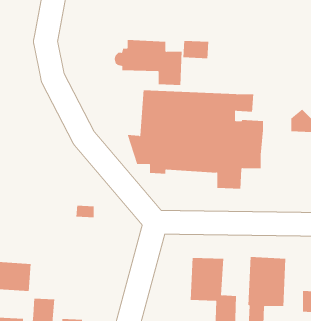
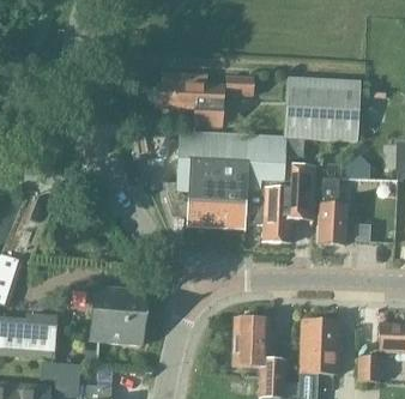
building: none -> [286,75,363,139]
building: none -> [314,176,347,244]
building: none -> [90,285,146,344]

